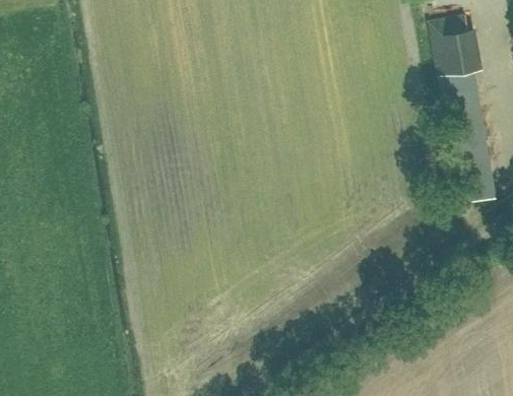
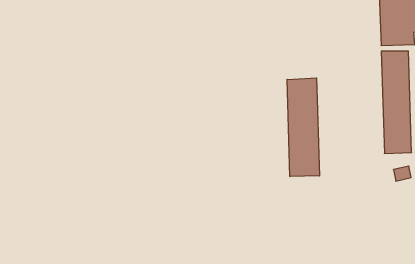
building: none -> [287,78,319,177]

